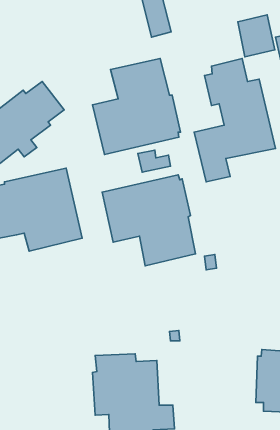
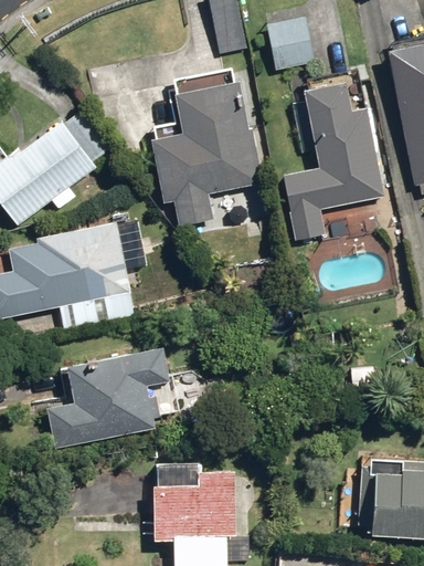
building: [238,15,275,57] -> [268,15,316,70]
building: [102,175,196,266] -> none
building: none -> [47,348,167,449]

